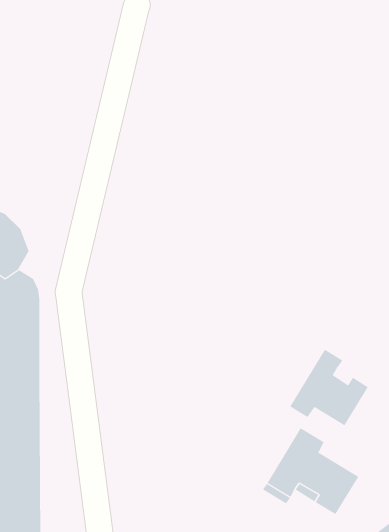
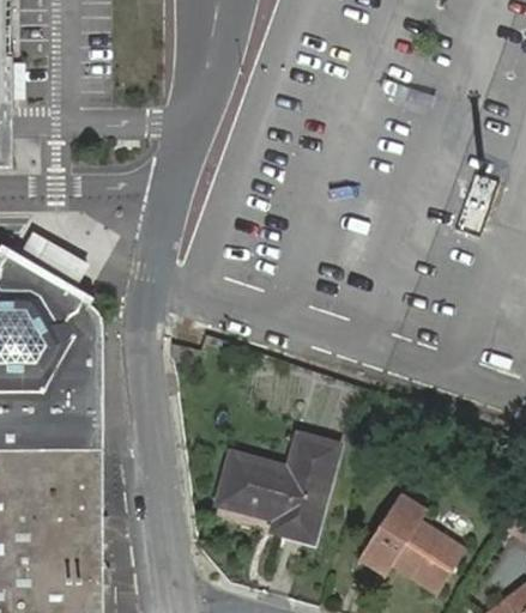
building: [289,349,369,426] -> none
building: none -> [216,437,335,542]

